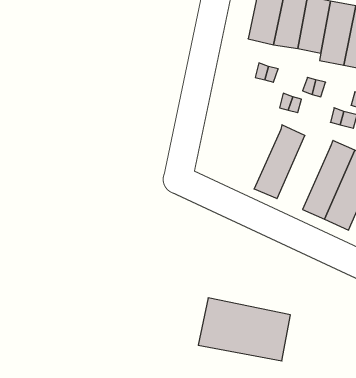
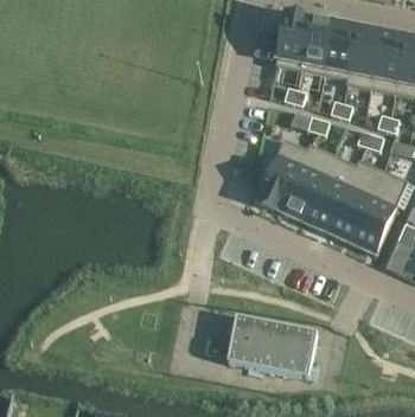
building: none -> [257,140,307,208]
building: none -> [304,156,356,229]

